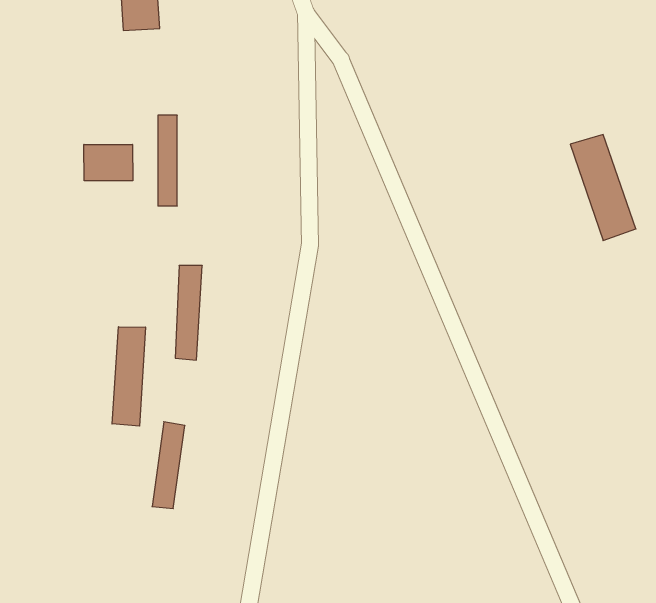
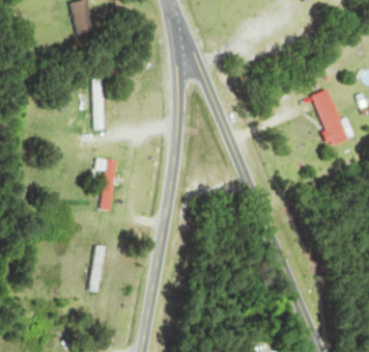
building: [84,144,133,181] -> none
building: [112,327,145,426] -> none

